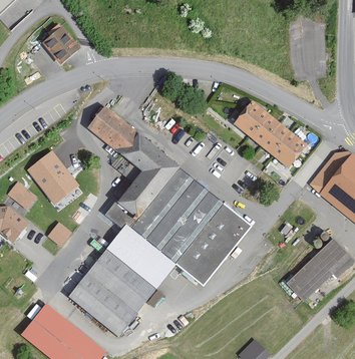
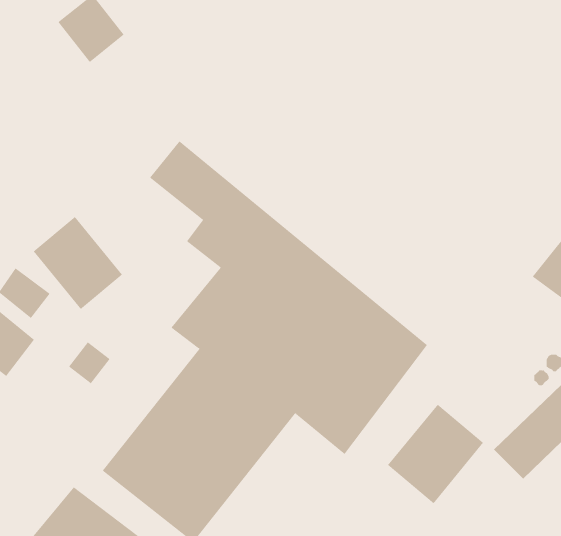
building: [230,100,304,170] -> none
building: none -> [387,404,484,504]

